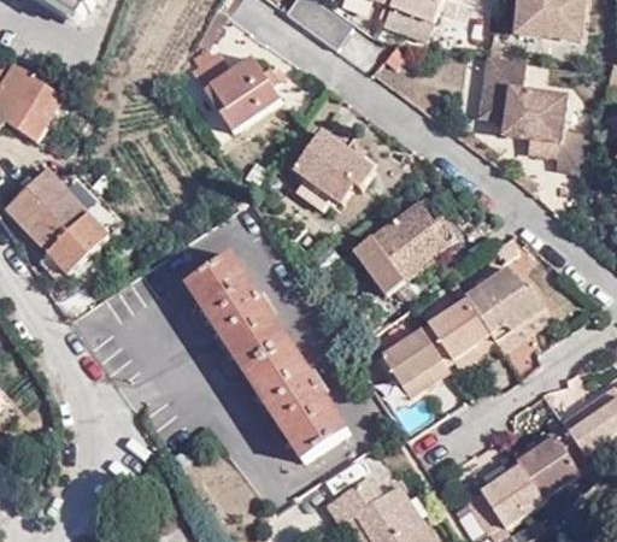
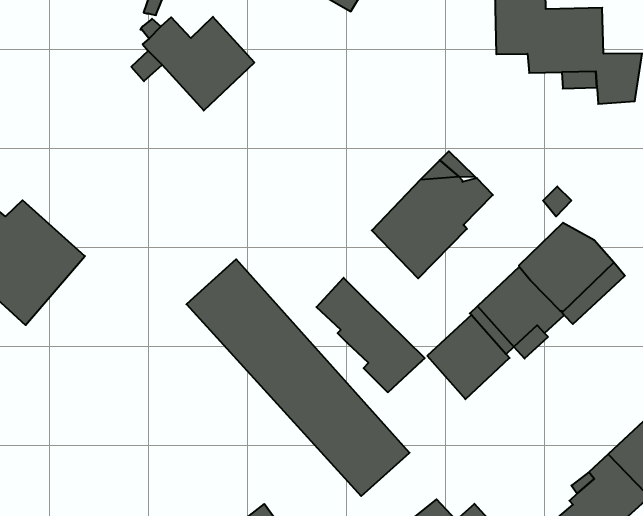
building: [292,130,374,206] -> none
building: none -> [316,278,425,392]

